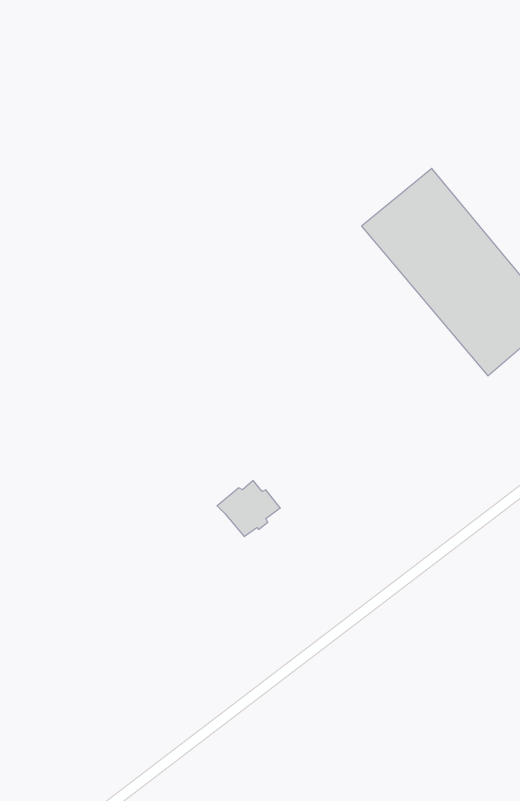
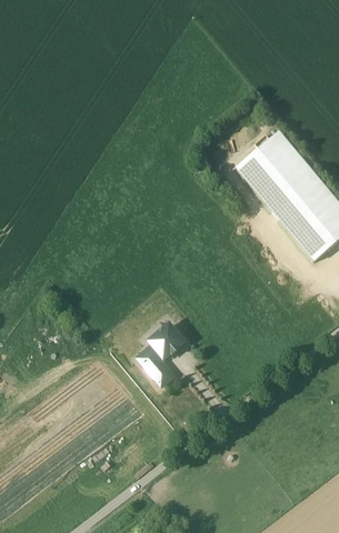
building: none -> [138,344,175,386]

